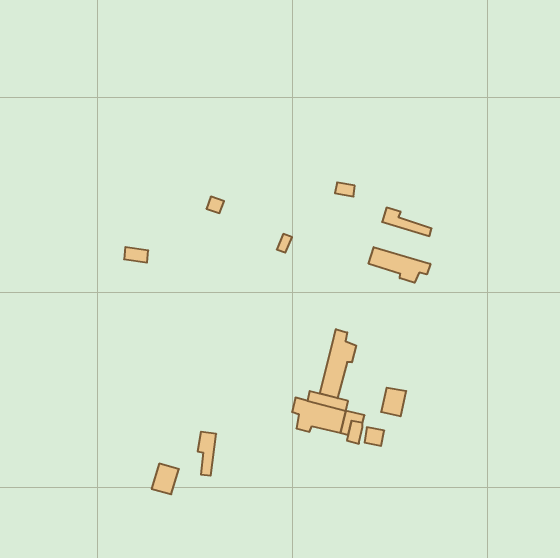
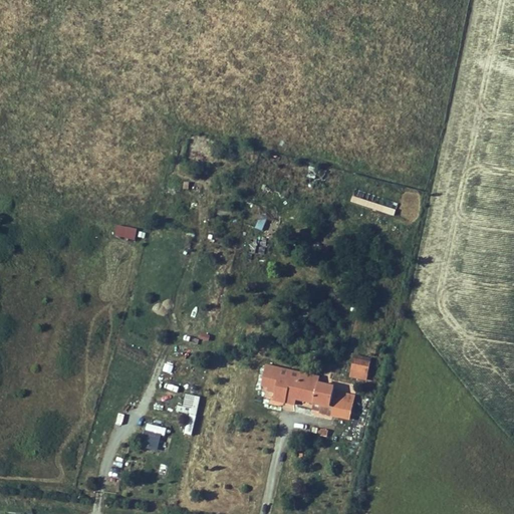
building: [369,247,430,283] -> none
building: [320,329,356,398] -> none

